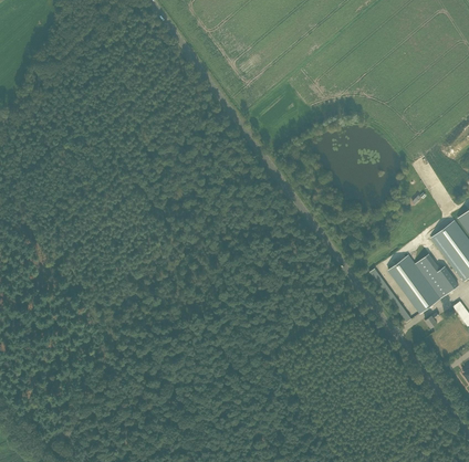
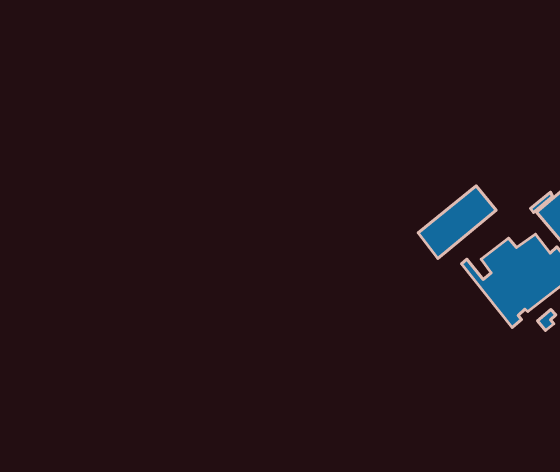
building: none -> [418,186,496,259]

